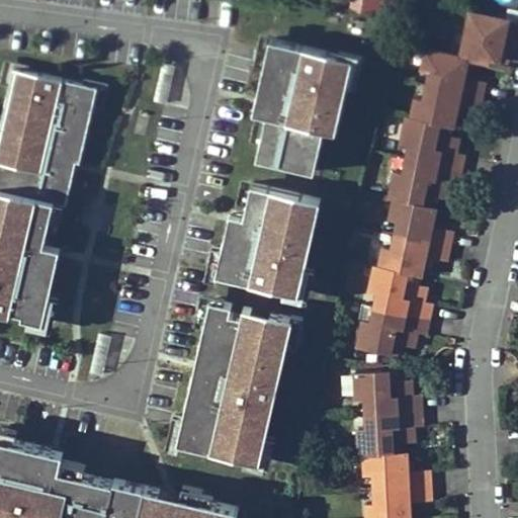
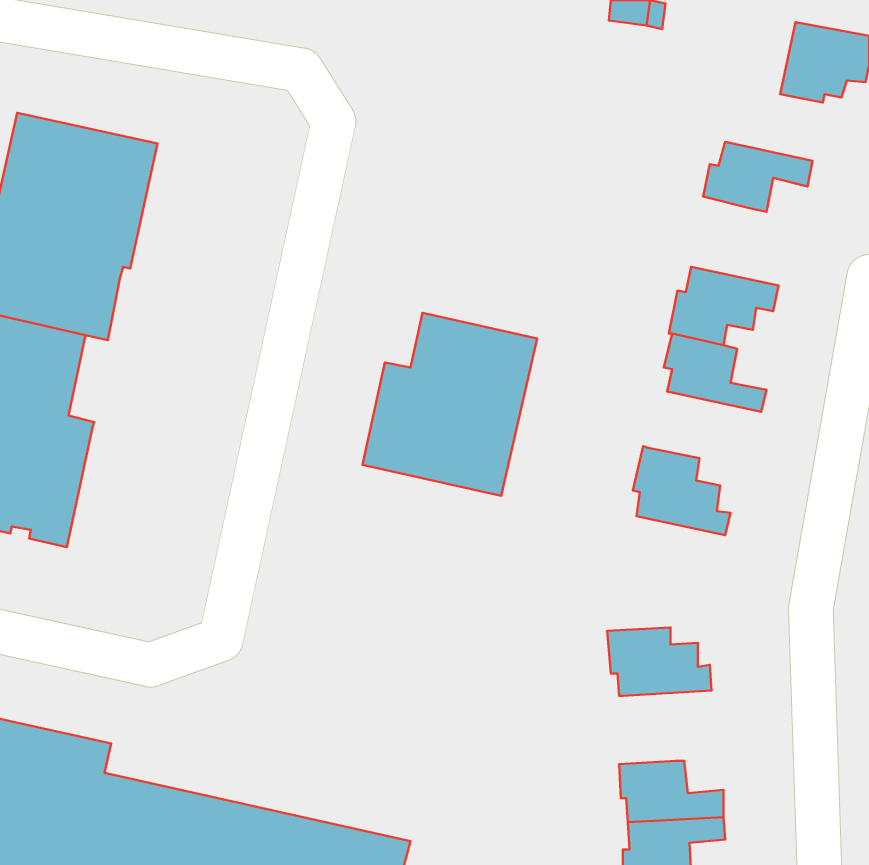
building: [251,45,350,177] -> none
building: [426,55,484,100] -> none
building: [408,121,462,174] -> none
building: [383,237,450,278] -> none
building: [176,305,290,465] -> none
building: [362,311,429,361] -> none
building: [362,414,422,457] -> none

